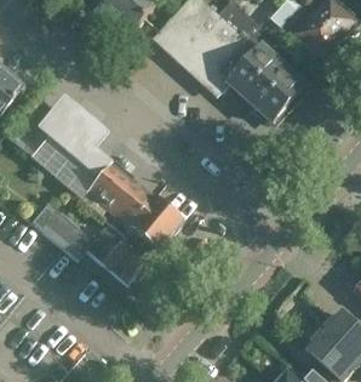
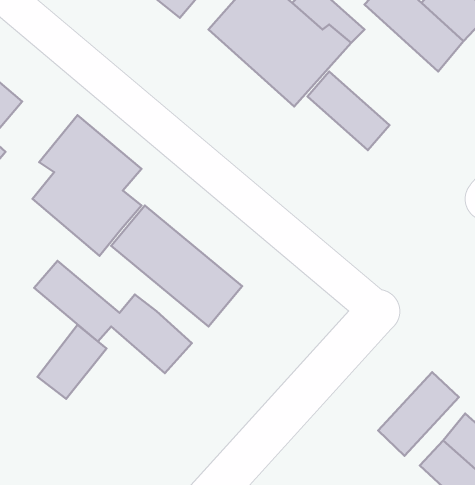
building: [243,45,304,102] -> none
building: none -> [38,325,106,399]
building: none -> [378,372,459,456]

